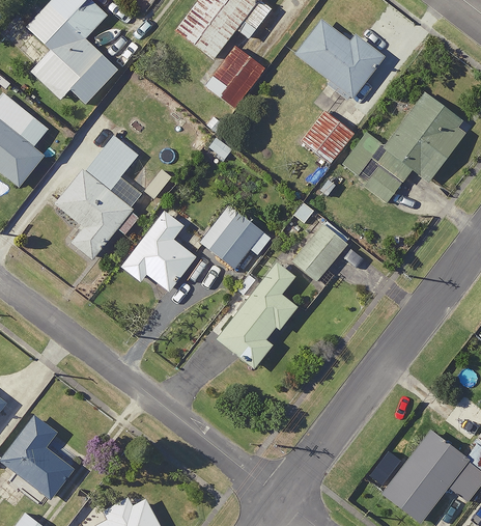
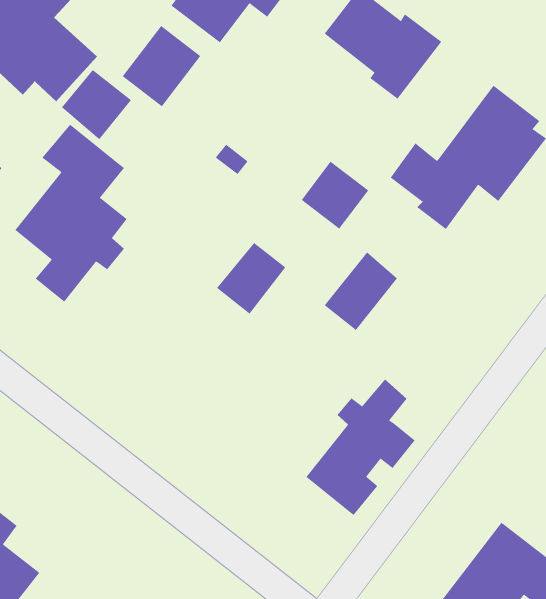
building: [205,46,266,109] -> [122,25,201,107]
building: none -> [61,69,132,140]
building: [302,111,355,164] -> [301,161,369,229]
building: [121,213,198,292] -> none
building: [216,261,301,367] -> [305,379,416,516]

